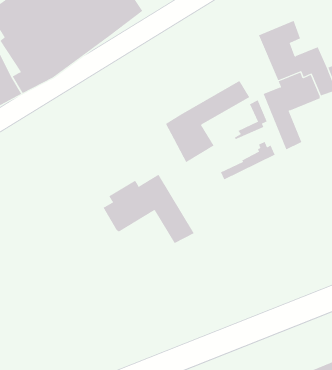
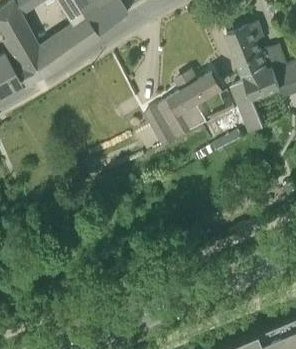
building: [103,174,194,244] -> none

